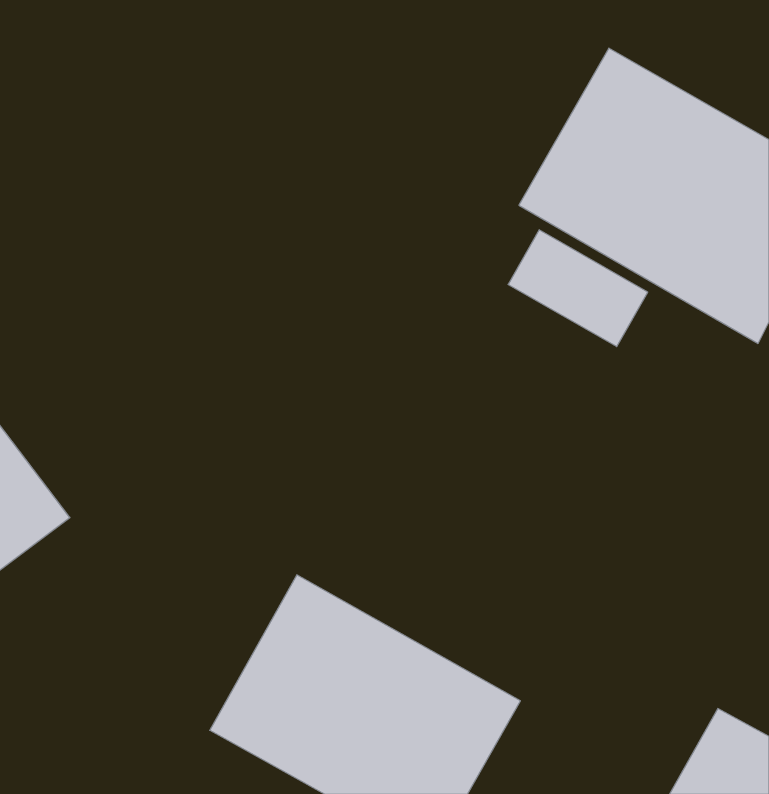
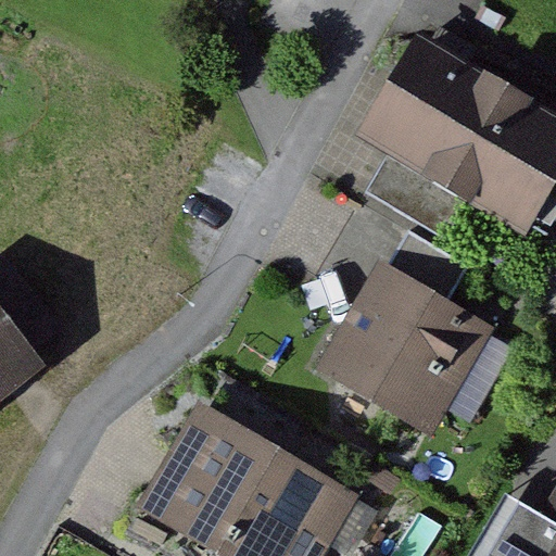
building: none -> [320,257,495,438]

